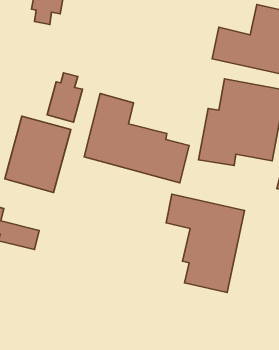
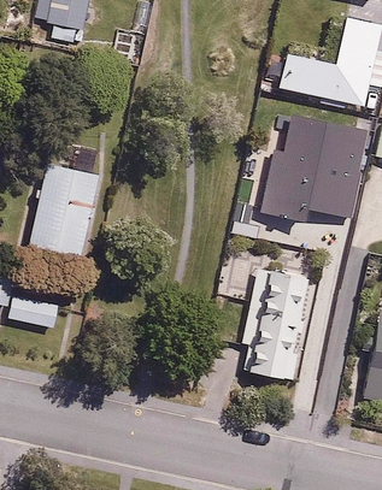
building: [47,73,83,122] -> none
building: [84,94,189,183] -> none

